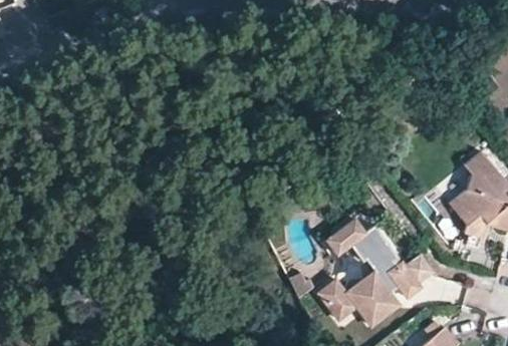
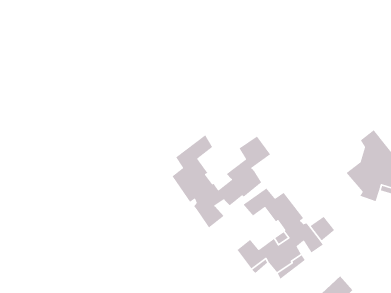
building: none -> [171,134,271,228]

